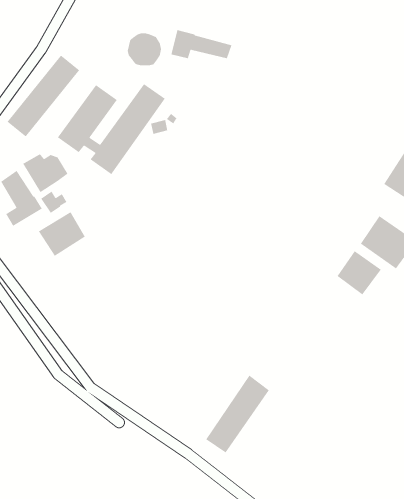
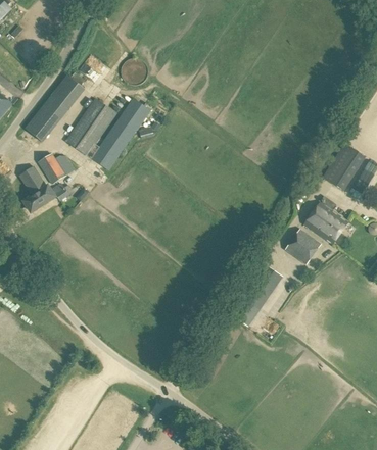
building: [170,29,233,59] -> none
building: [38,211,86,257] -> none
building: [205,375,270,454] -> [231,264,282,327]

